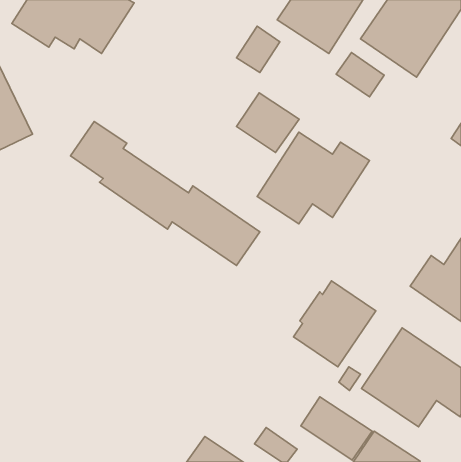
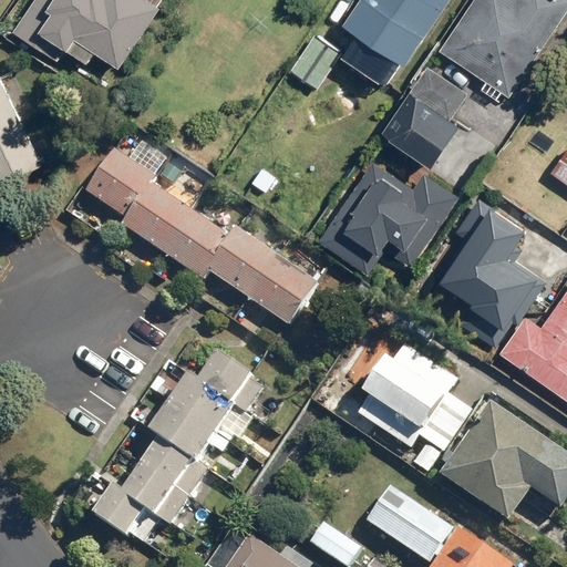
building: [237,93,299,153] -> [379,94,455,167]
building: none -> [440,199,540,346]
building: none -> [96,354,255,537]

